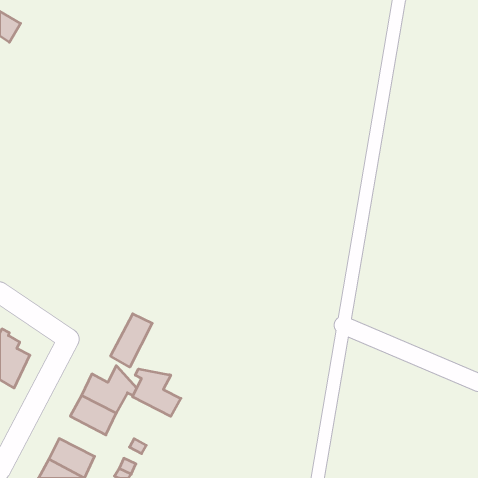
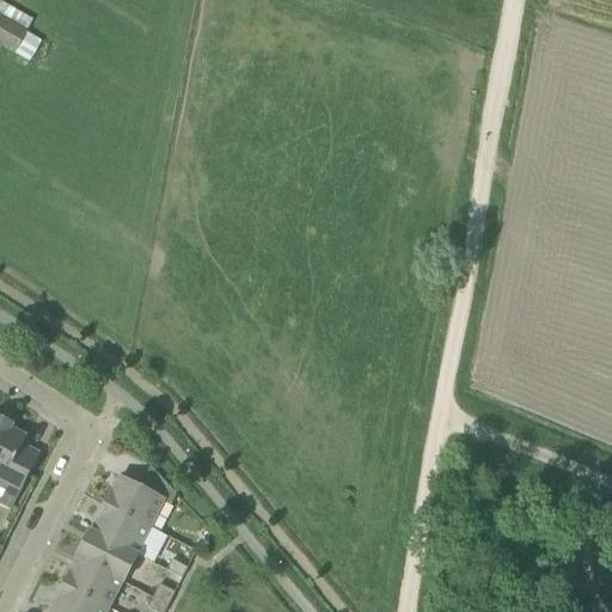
building: [111,314,152,367] -> none
building: [133,369,181,416] -> none
building: none -> [74,531,136,583]

